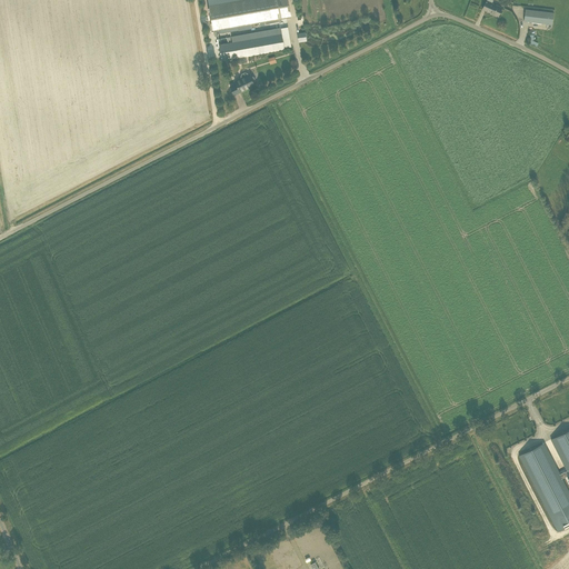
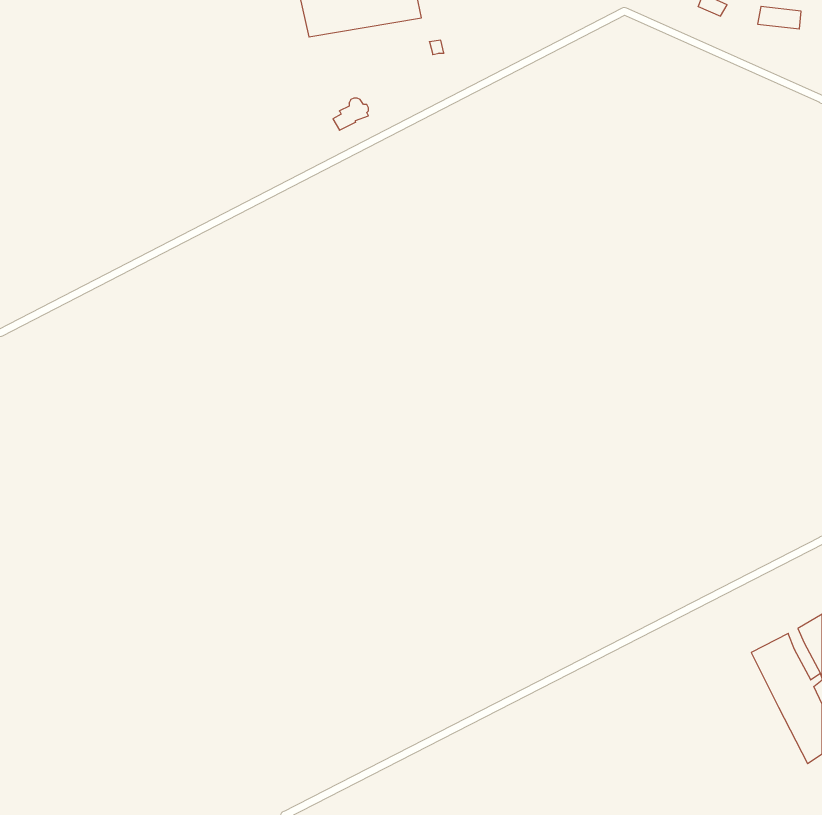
building: [219,29,284,56] -> none

